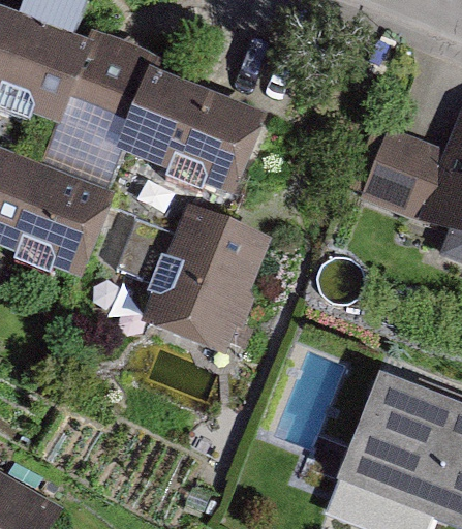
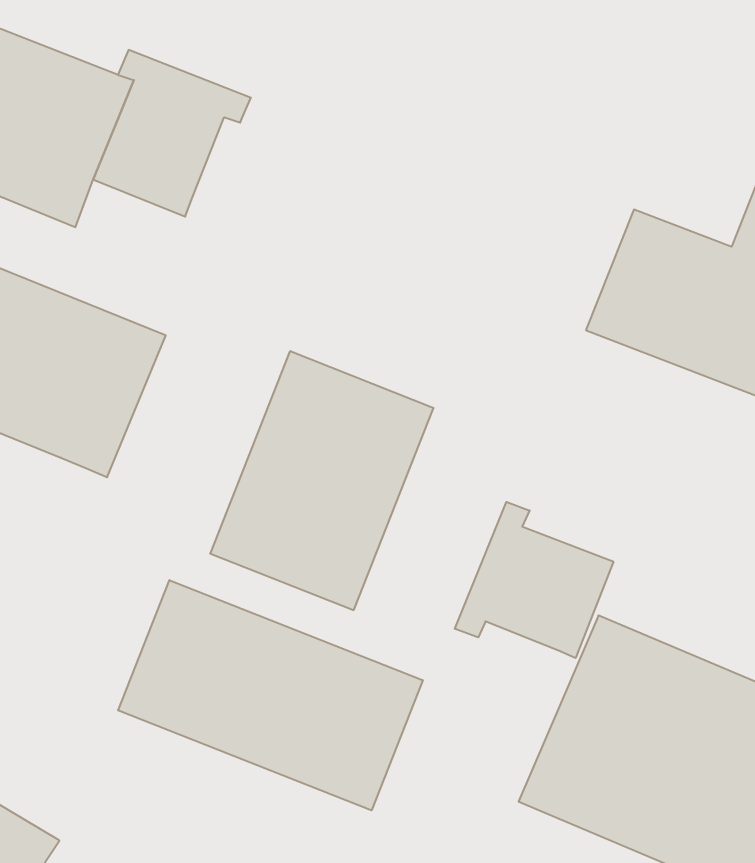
building: [117,70,269,203] -> none
building: none -> [455,502,613,658]
building: none -> [118,580,423,810]

